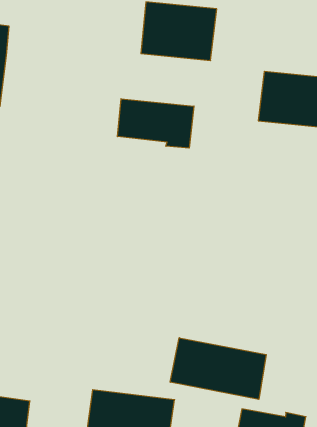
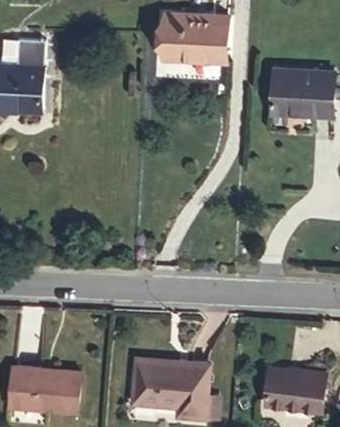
building: [117,99,194,148] -> none
building: [170,338,266,399] -> none

